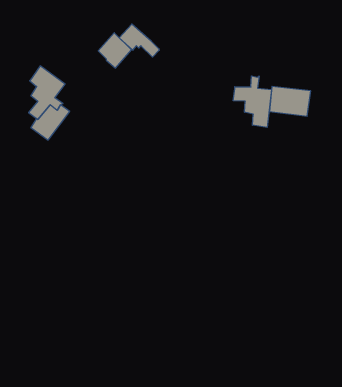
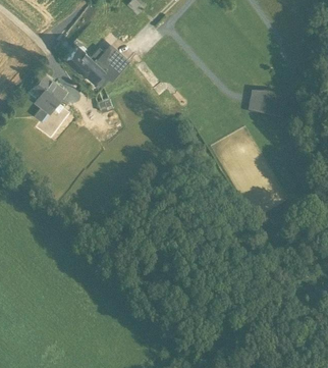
building: [119,24,159,57] -> [66,45,102,74]
building: [233,76,272,127] -> none

